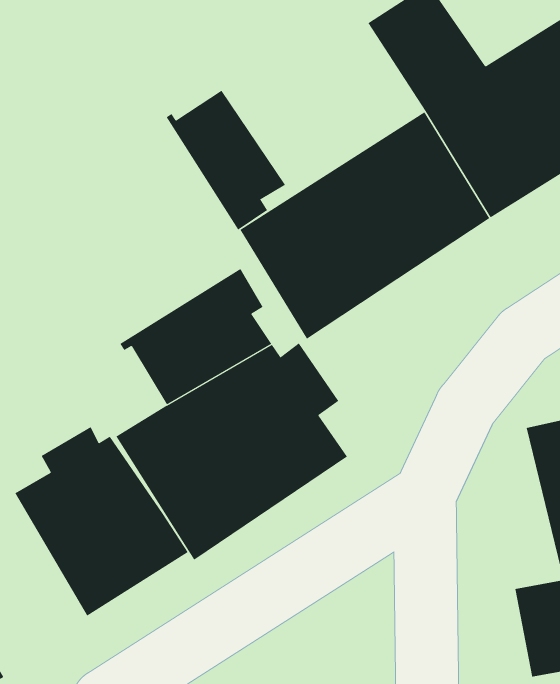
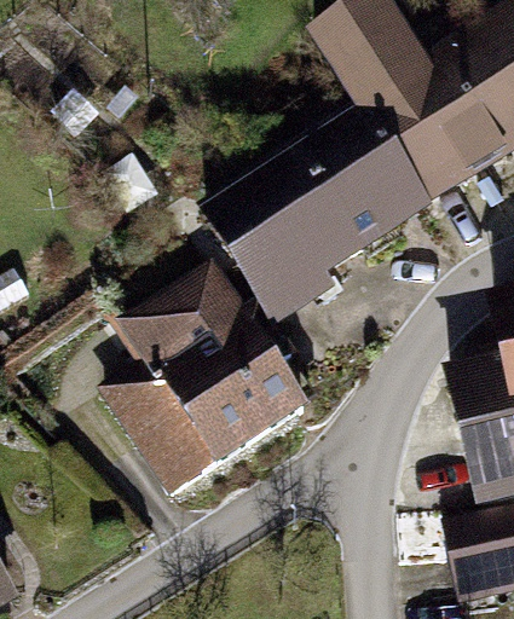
building: [166,90,286,230] -> none
building: [14,426,189,617] -> none

